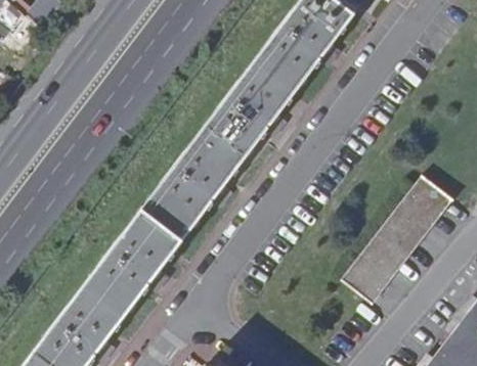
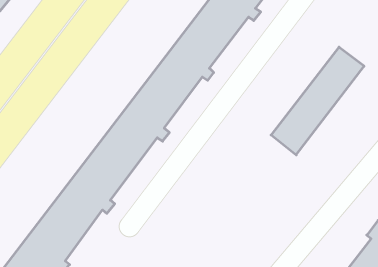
building: [342,176,451,303] -> [271,47,364,155]

